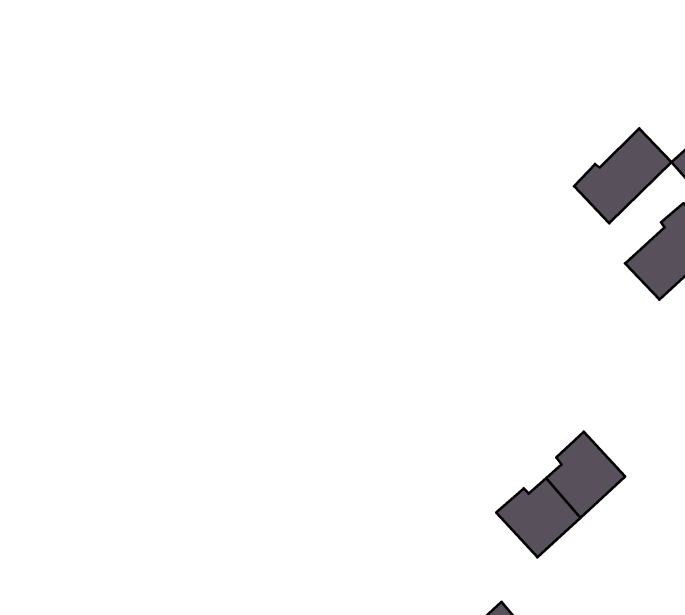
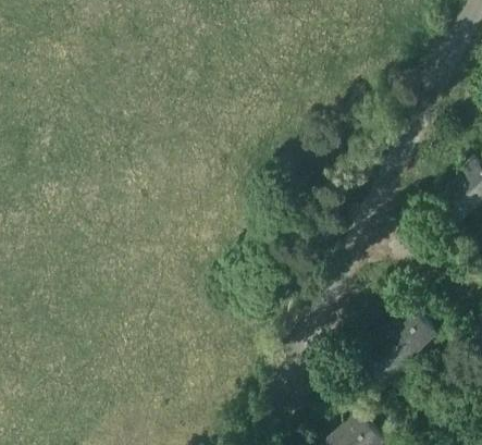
building: [574,128,671,223] -> none

